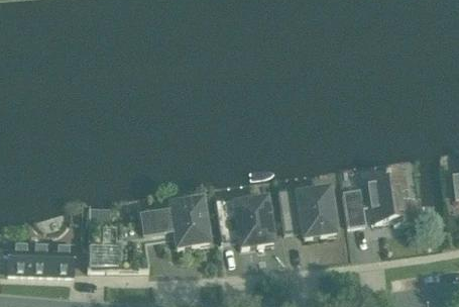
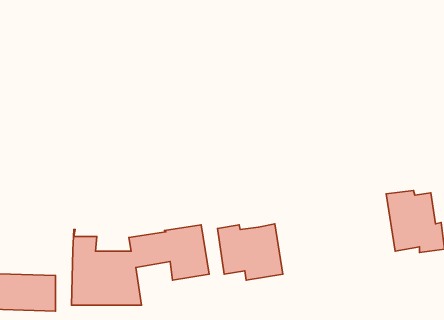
building: [278,189,338,237] -> none
building: [344,189,367,225] -> none

